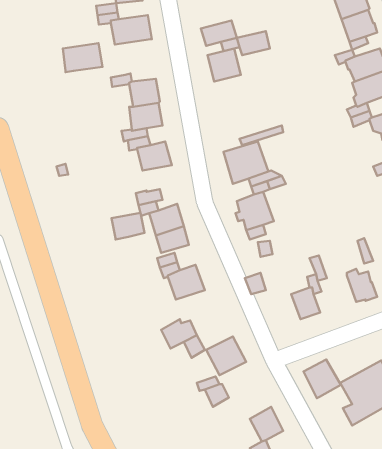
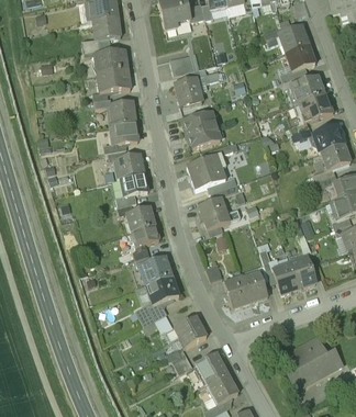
building: [63,43,103,72] -> [98,70,131,94]
building: none -> [181,113,220,149]
building: [111,213,145,240] -> [121,174,148,196]
building: none -> [274,266,298,295]
building: none -> [224,277,252,307]
building: none -> [146,278,179,305]
building: [304,360,341,398] -> [197,353,227,385]

